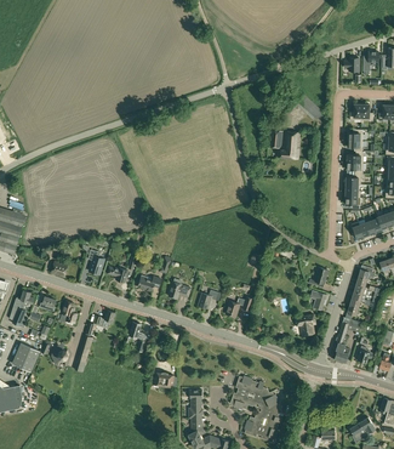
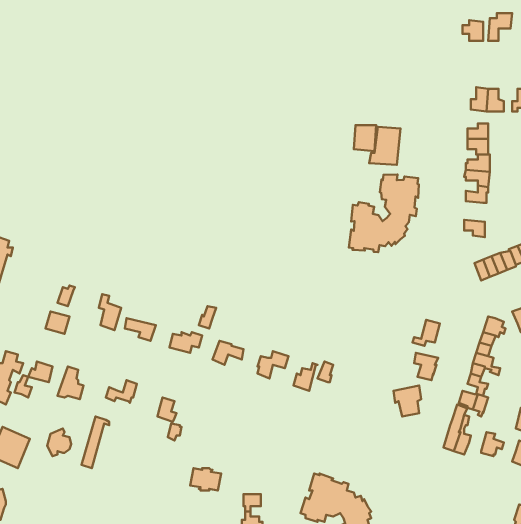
building: none -> [349,175,419,252]

